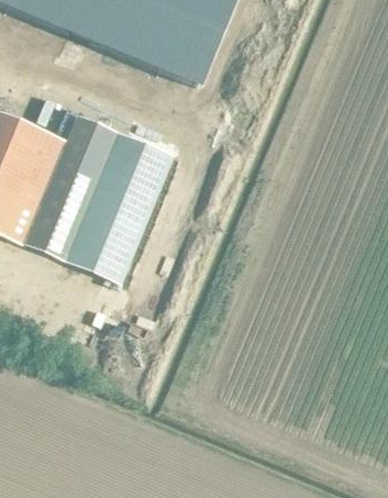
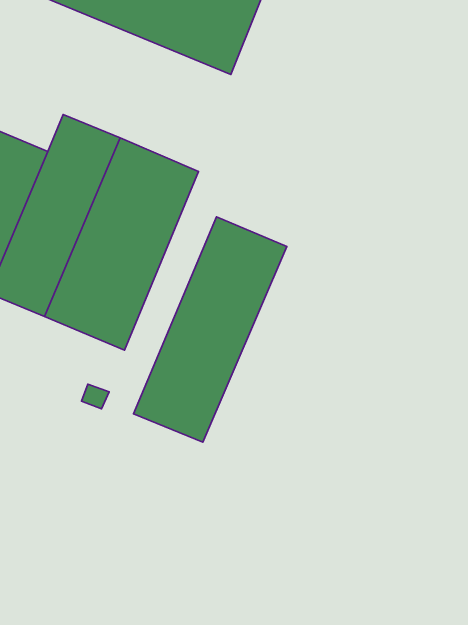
building: none -> [133,217,287,442]

